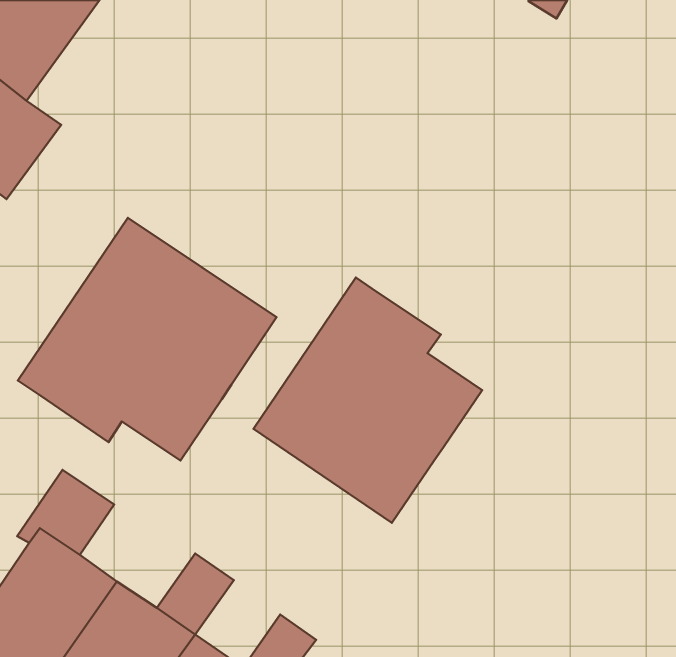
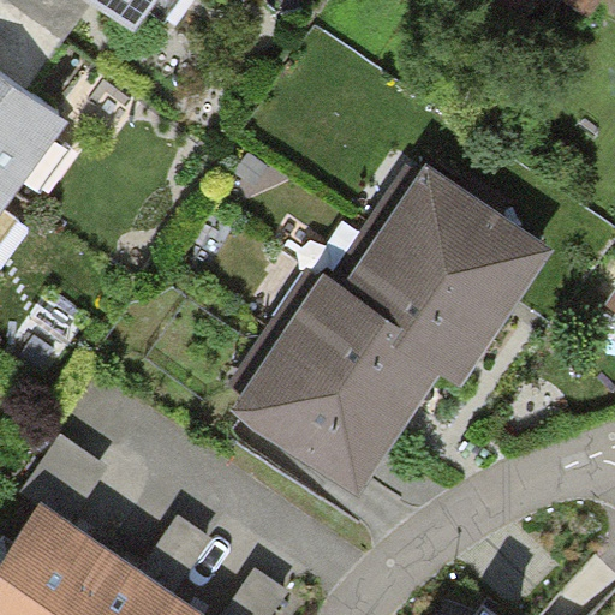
building: none -> [341,163,553,388]
building: [18,218,277,461] -> none

